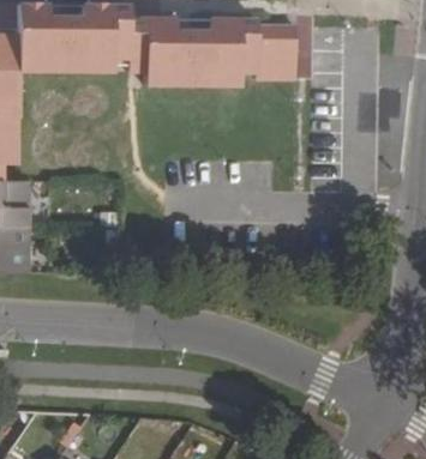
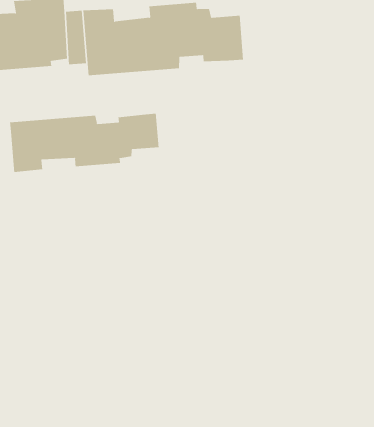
building: none -> [10,113,159,173]

